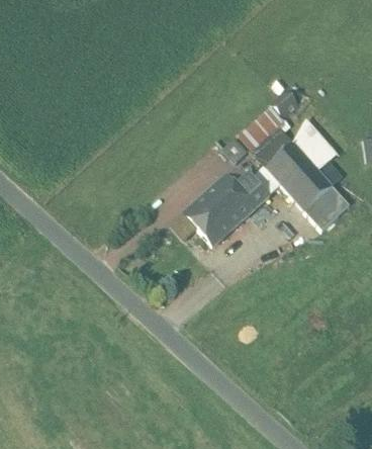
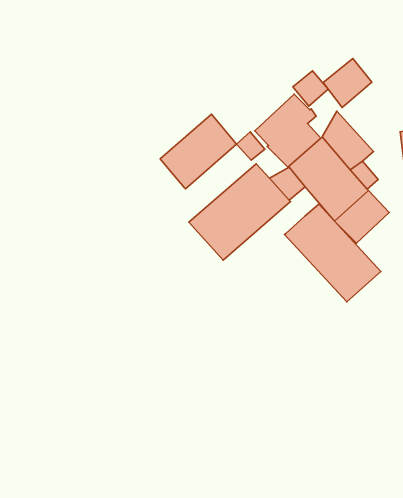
building: none -> [323,58,372,107]
building: none -> [160,114,237,189]
building: none -> [285,204,381,302]

